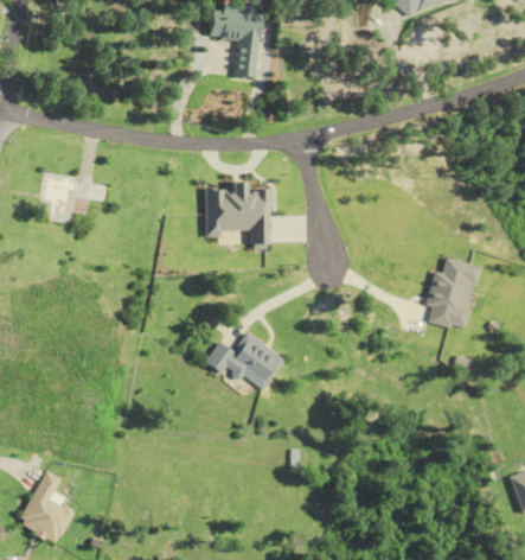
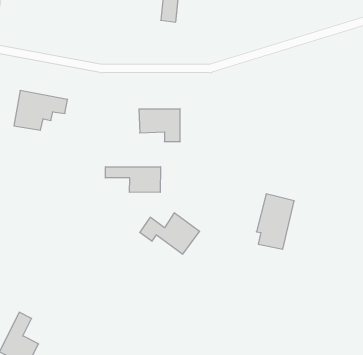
building: [428,255,479,330] -> [256,194,294,249]
building: none -> [105,167,161,192]

